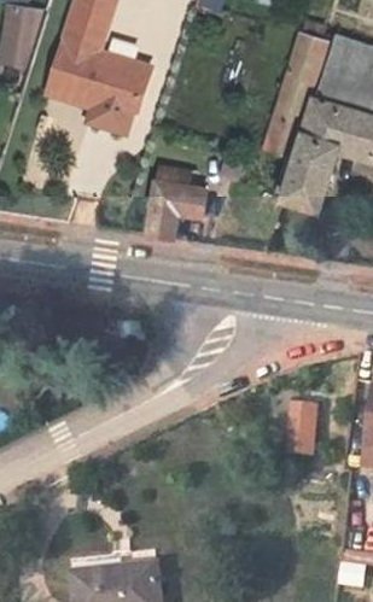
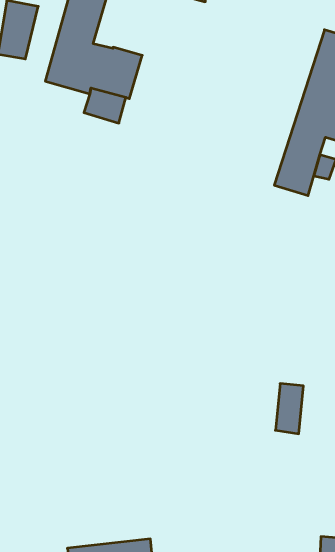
building: [263,31,326,192] -> none
building: [147,166,205,236] -> none

